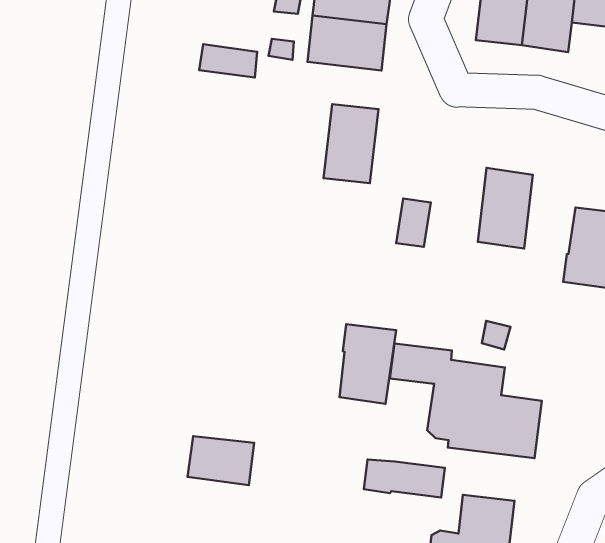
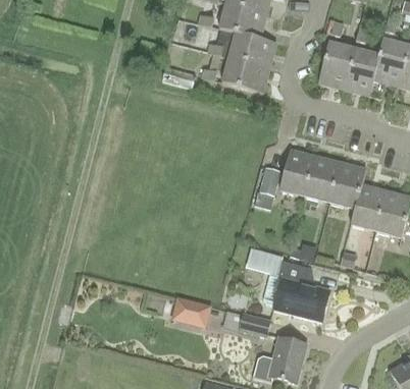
building: [324,104,378,183] -> [279,149,315,196]
building: none -> [330,162,366,209]
building: [339,324,396,404] -> none
building: [188,436,254,485] -> [171,296,211,328]

